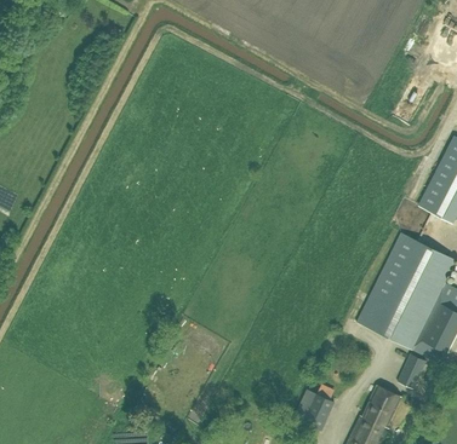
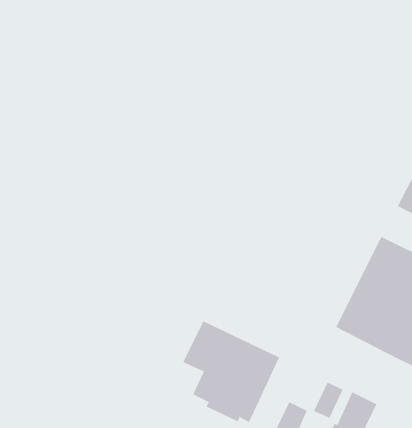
building: none -> [183,321,280,423]
building: [396,353,425,388] -> [313,382,344,419]

